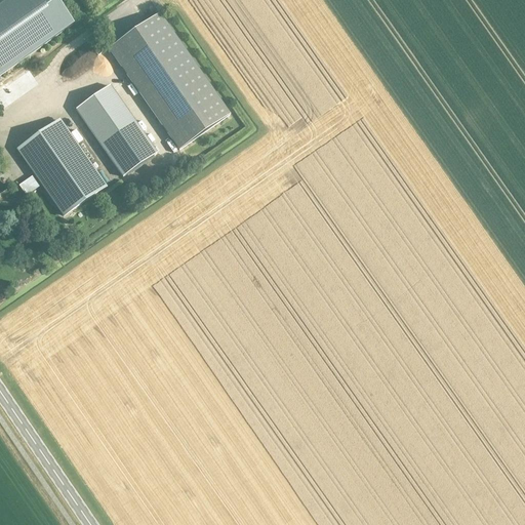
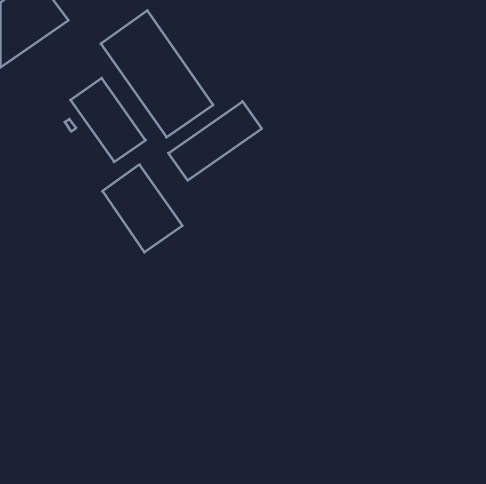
building: none -> [168,101,262,180]
building: [18,119,105,213] -> [102,165,182,252]

